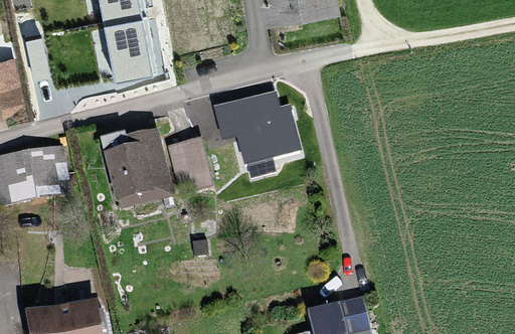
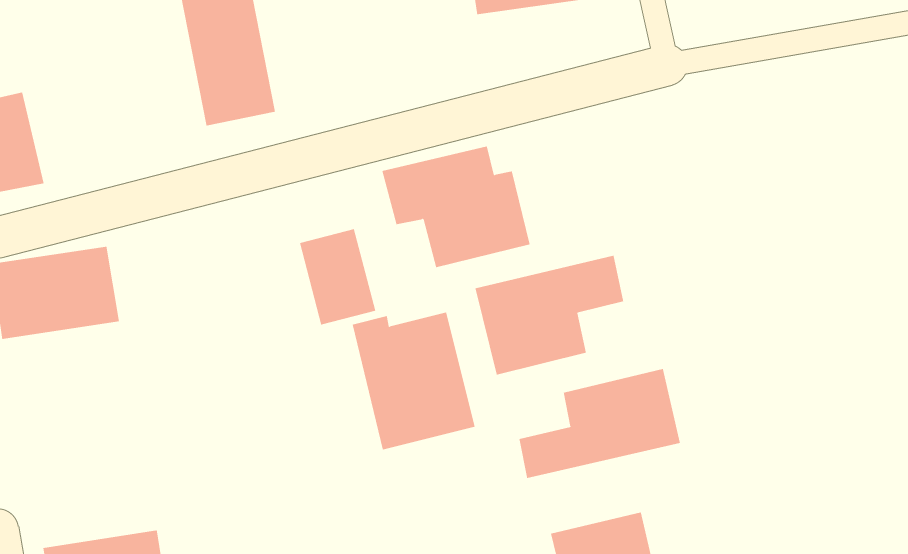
building: [103,129,172,206] -> [352,312,475,450]
building: none -> [475,255,624,375]
building: none -> [519,368,681,479]

